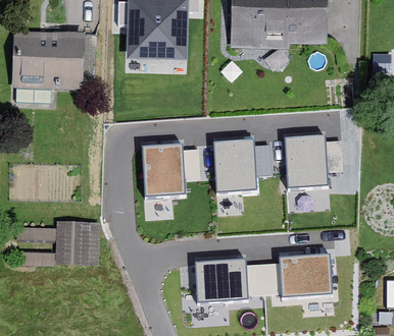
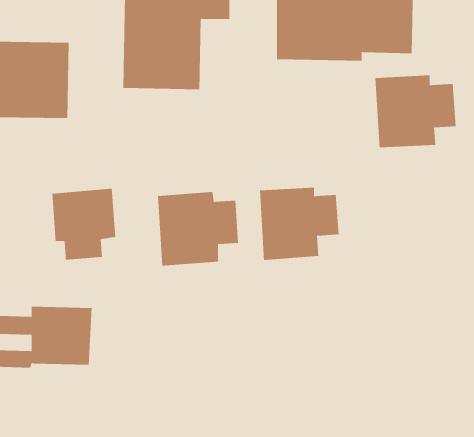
building: [288,134,346,186] -> [375,75,456,148]
building: none -> [52,188,116,260]
building: [194,247,337,301] -> none

